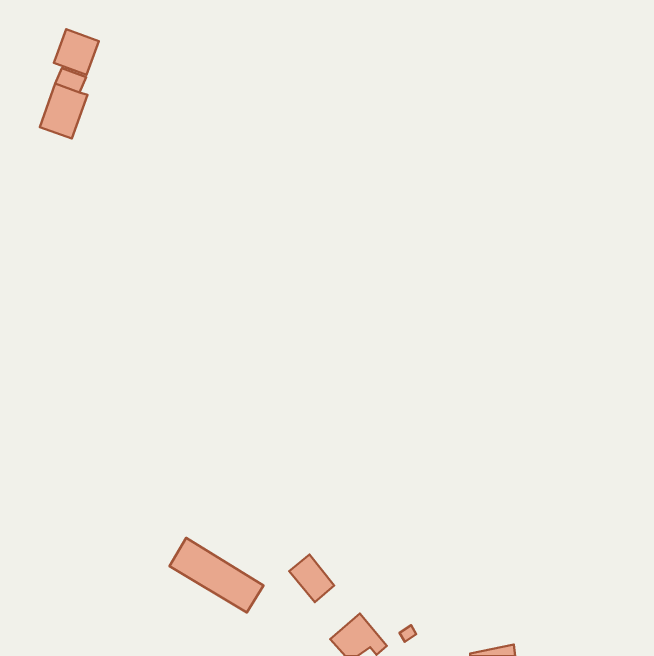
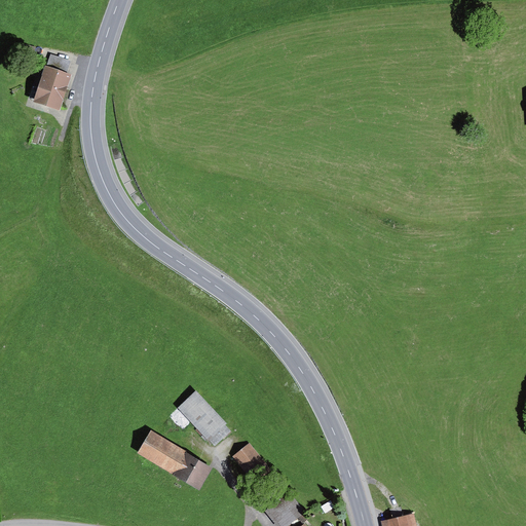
building: [54,29,99,75] -> none
building: none -> [177,390,229,447]

